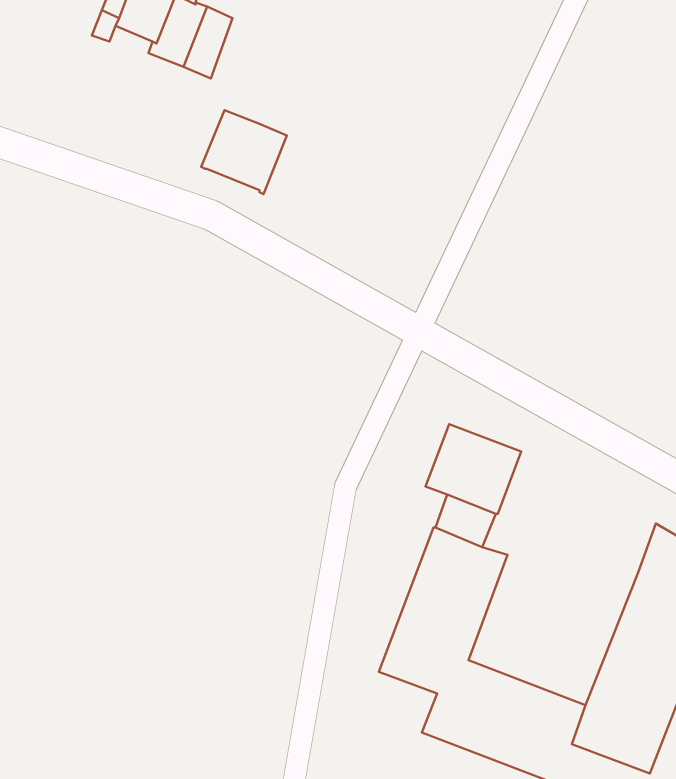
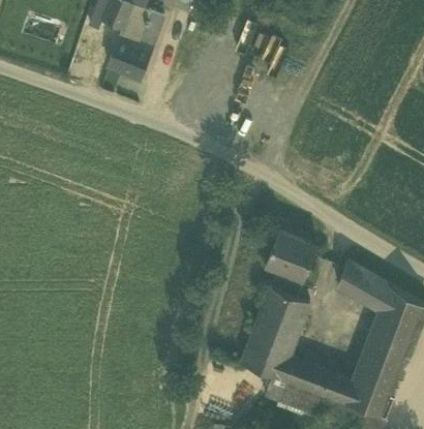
building: [201,110,287,194] -> [105,35,151,80]
building: none -> [337,261,387,310]

